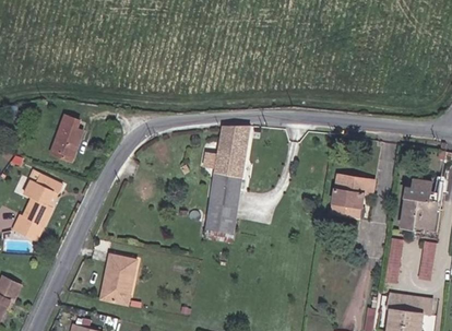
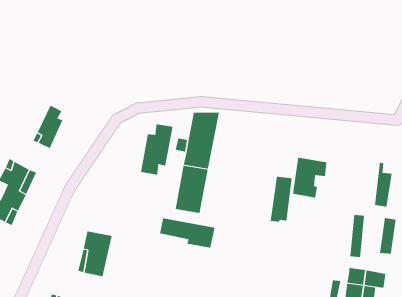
building: none -> [141,124,173,175]
building: [399,177,423,226] -> [270,176,292,222]
building: none -> [160,218,215,249]

